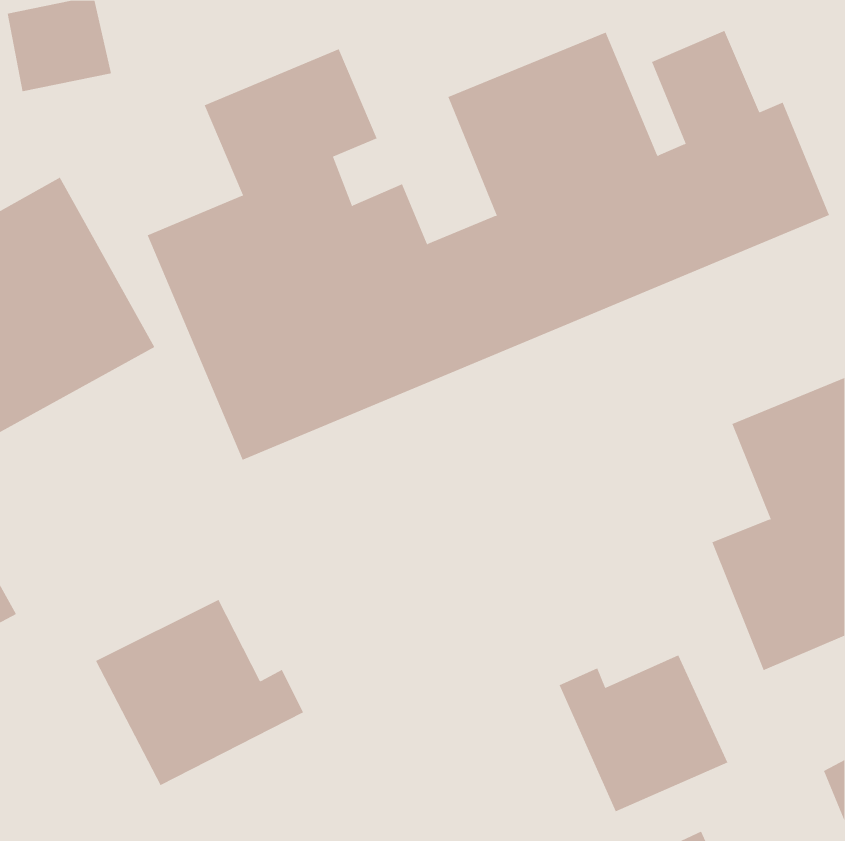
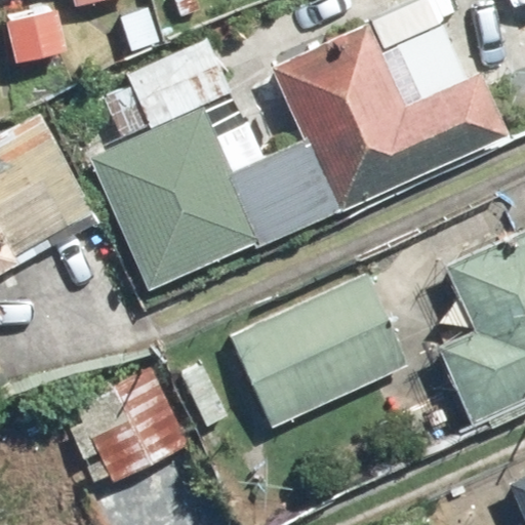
building: none -> [230,272,411,428]
building: [559,654,728,812] -> none

